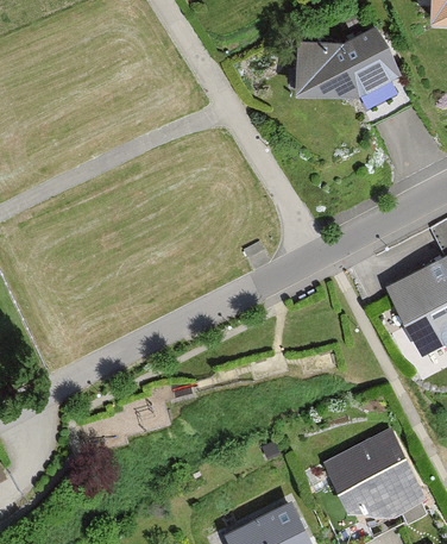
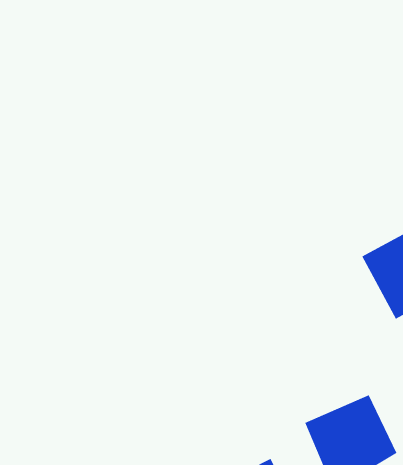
building: [294,30,396,98] -> none

